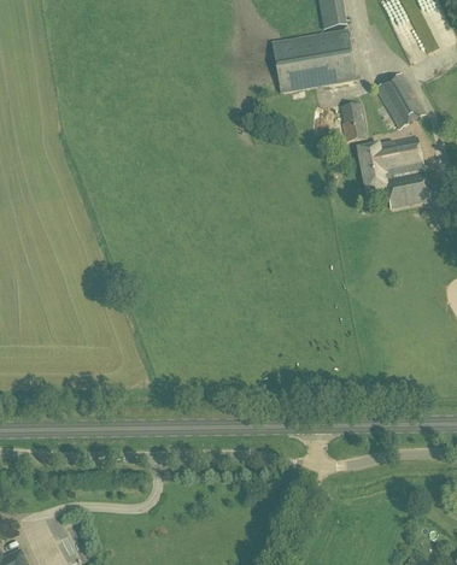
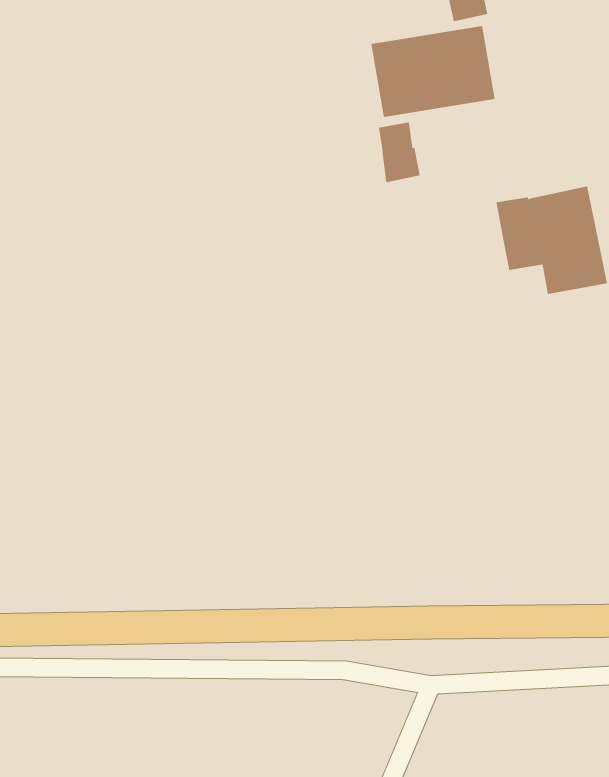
building: [374,71,423,126] -> none
building: [338,101,365,141] -> [378,122,421,183]

